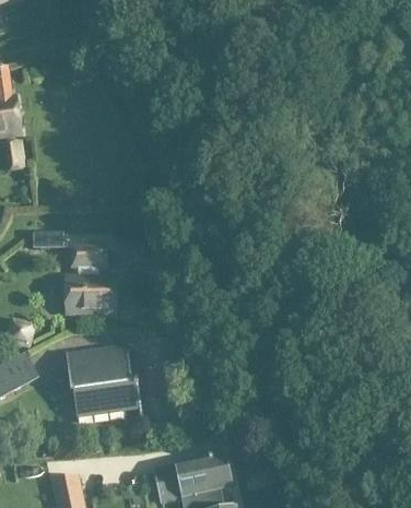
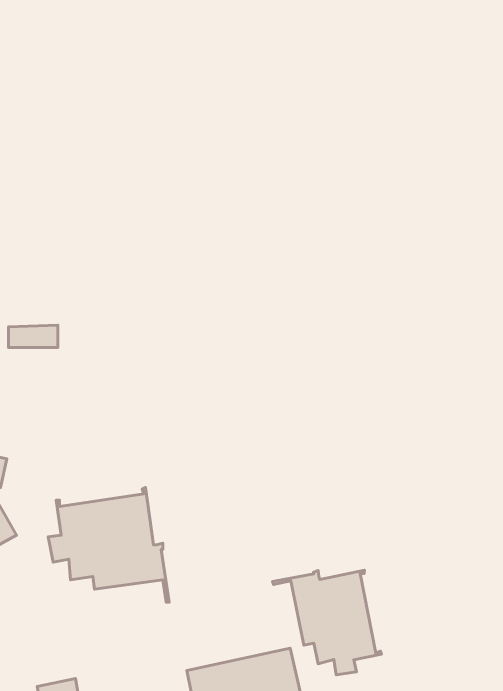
building: [66,245,115,311] -> none
building: none -> [272,570,381,675]

